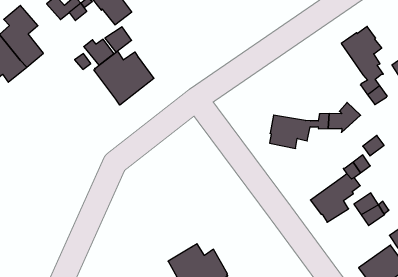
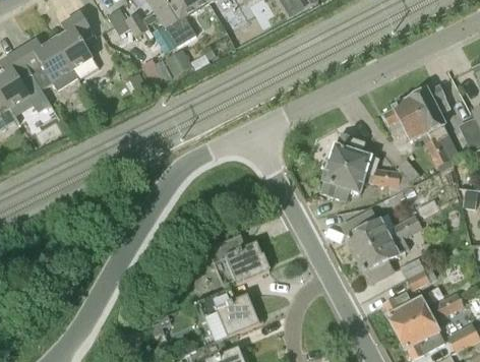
building: none -> [382,97,427,141]
building: [94,51,154,105] -> none
building: none -> [328,132,379,174]
building: none -> [342,209,392,255]
building: none -> [207,233,268,288]
building: none -> [382,292,432,333]

